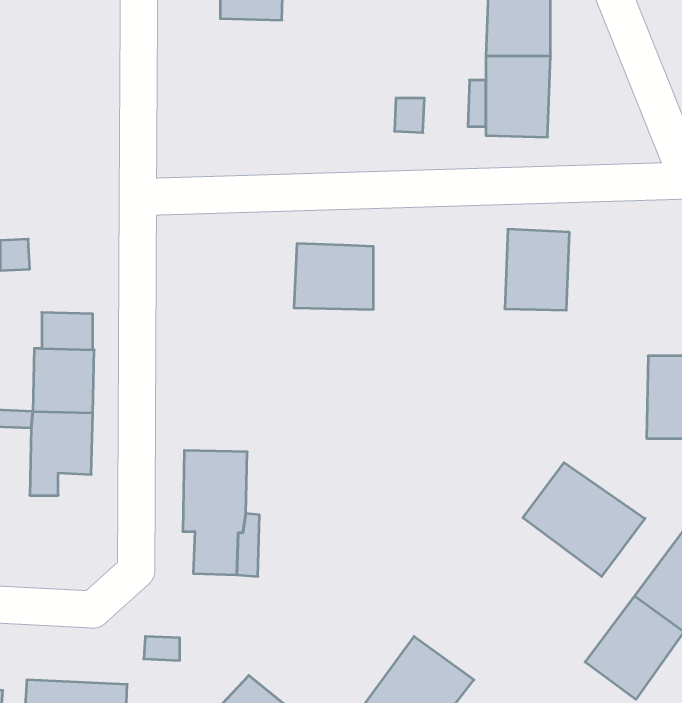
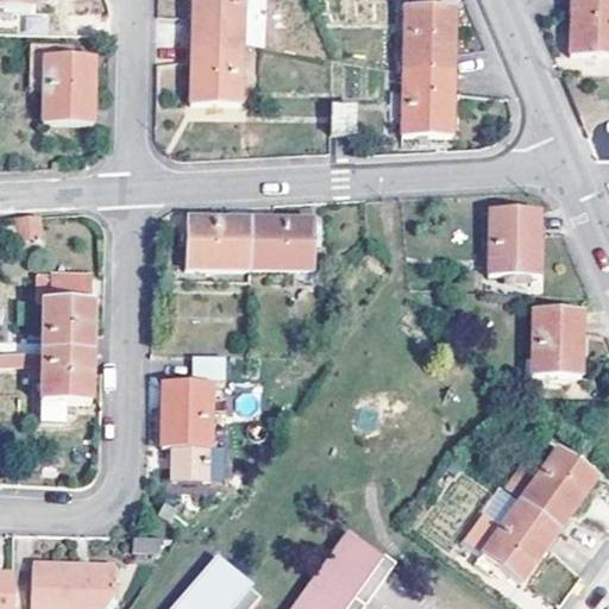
building: none -> [190,38,241,103]
building: none -> [44,56,94,123]
building: [505,229,569,310] -> [490,206,541,270]
building: none -> [187,215,253,268]
building: [523,463,645,577] -> none

